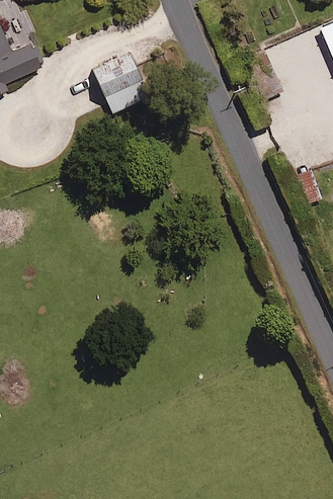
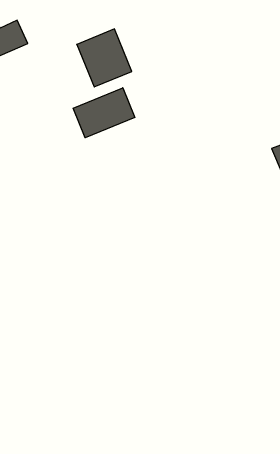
building: none -> [73,88,135,138]

